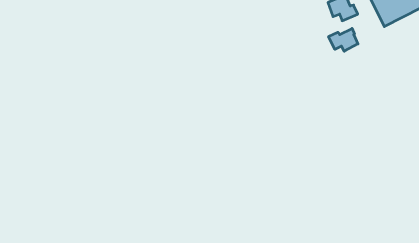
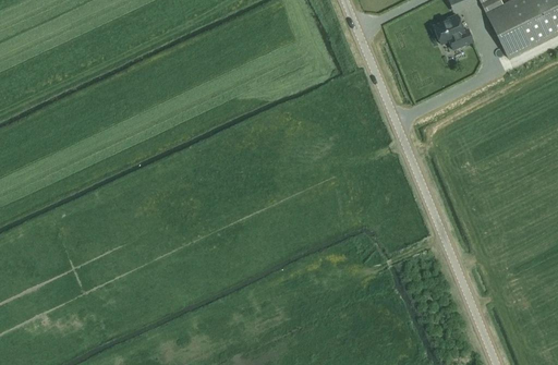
building: [329,28,358,51] -> none

